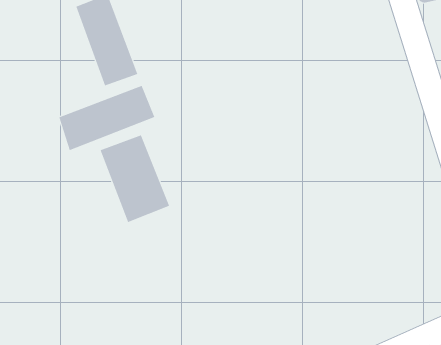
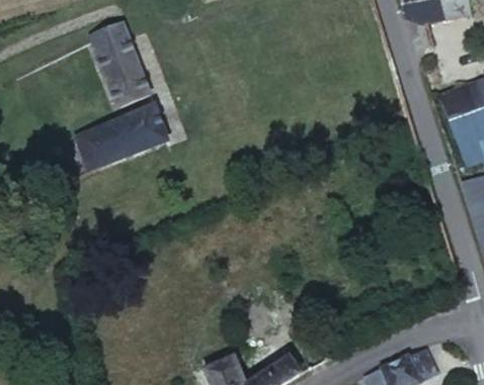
building: [100,135,170,223] -> none

